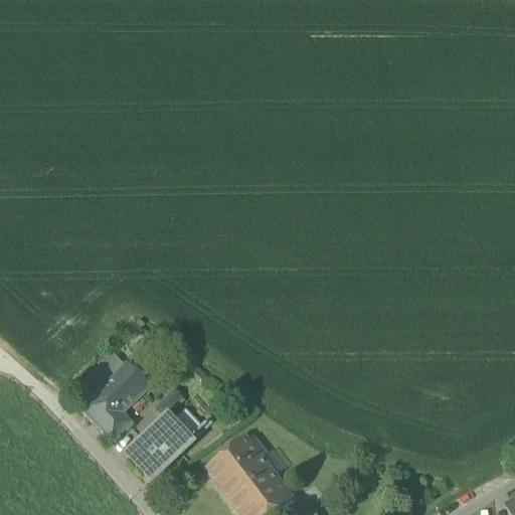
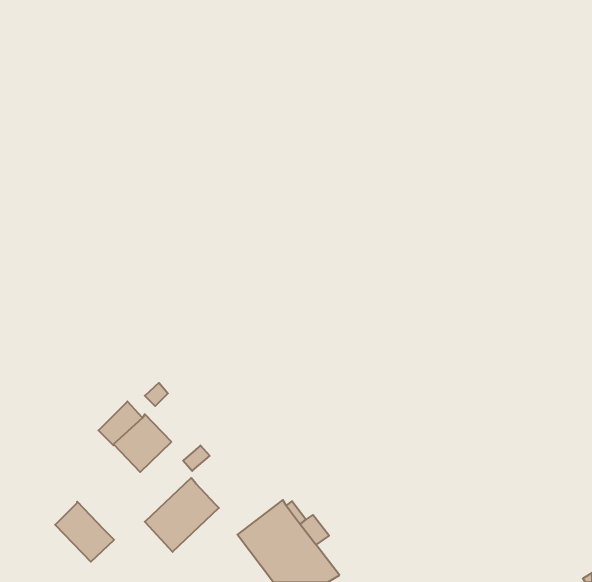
building: [79,386,131,439] -> [55,502,114,562]
building: [170,407,205,439] -> none

